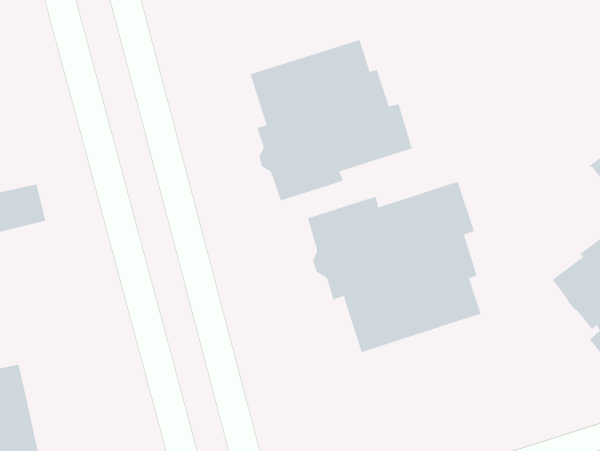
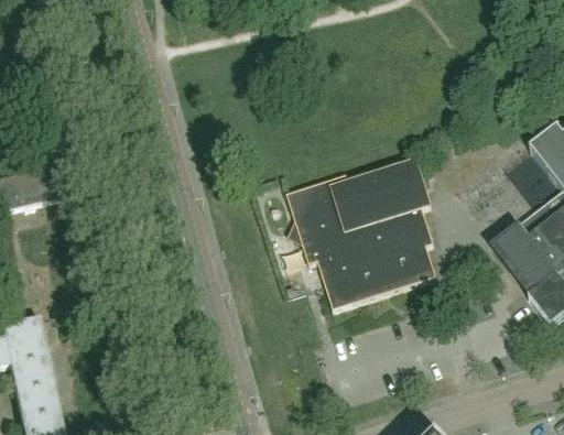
building: [250,39,413,201] -> none

